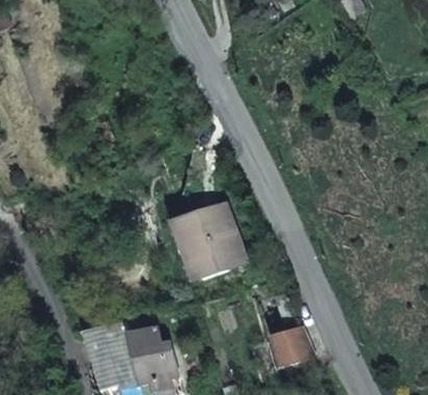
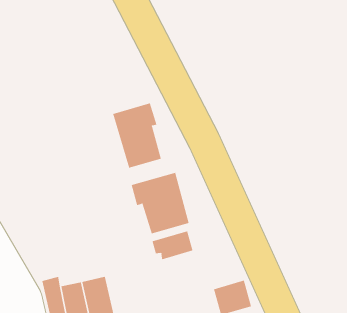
building: none -> [112,103,161,168]
building: none -> [152,231,193,260]

